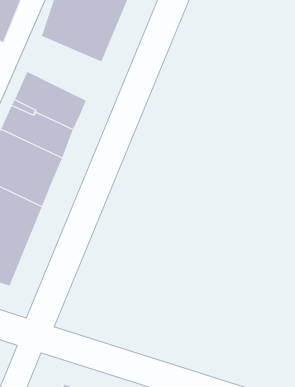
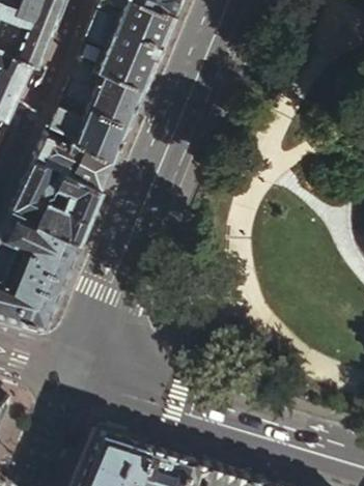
building: none -> [61,65,141,134]

